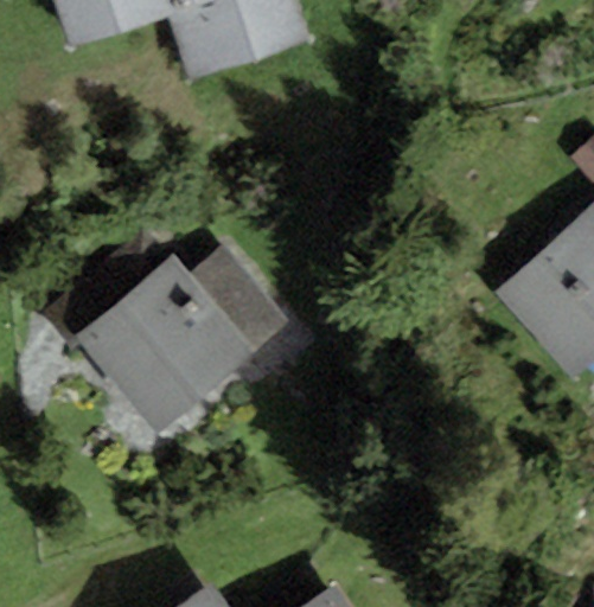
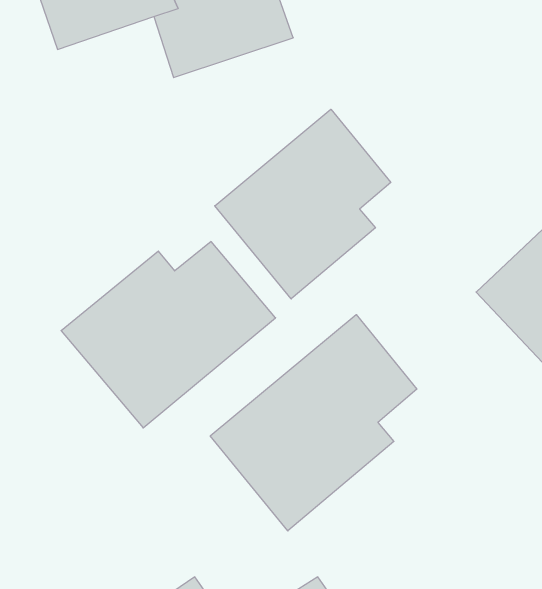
building: none -> [215,109,391,299]
building: none -> [210,315,417,531]

